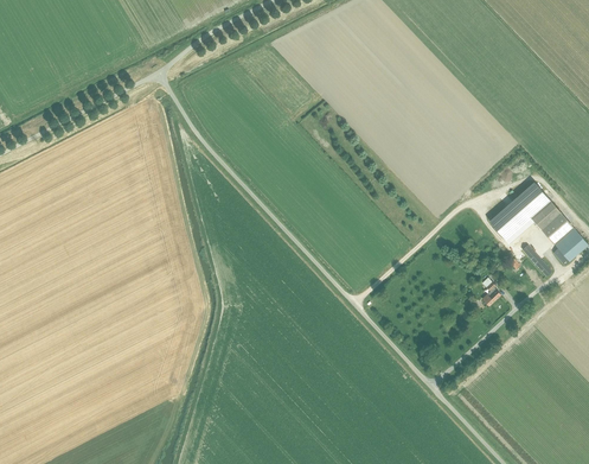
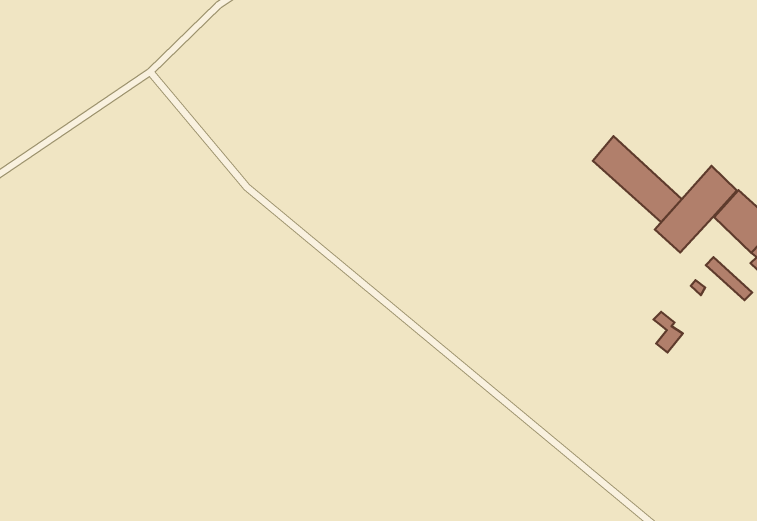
building: none -> [593,136,682,222]

